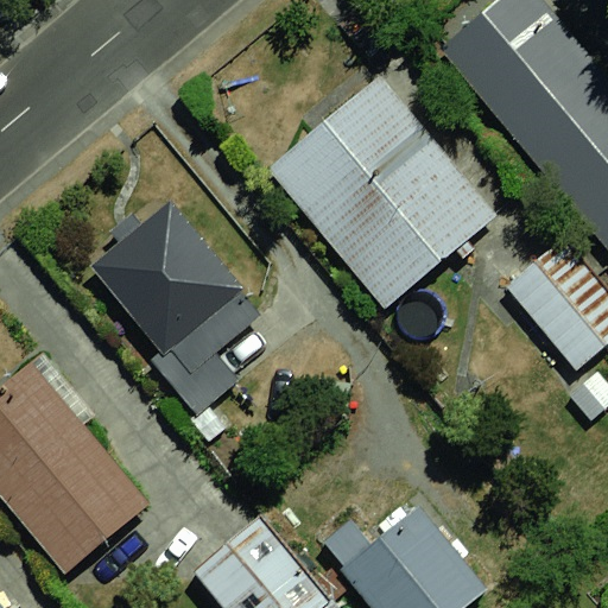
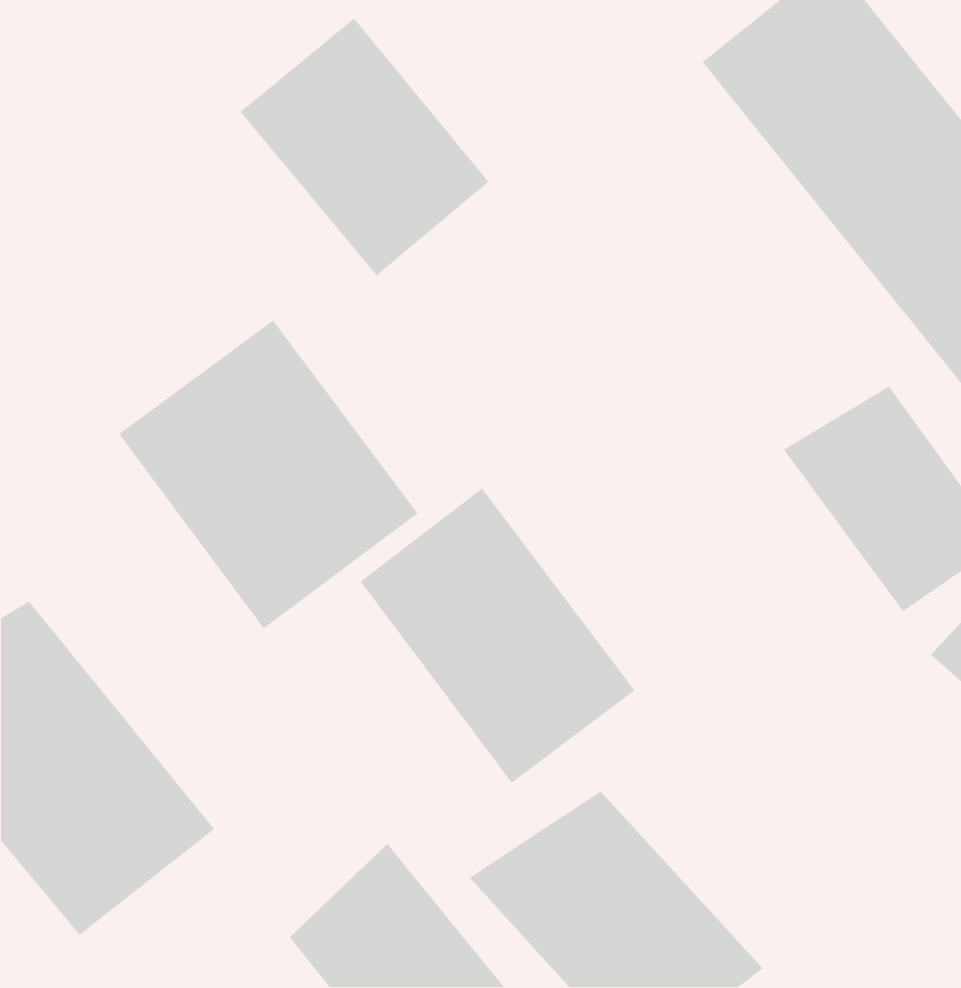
building: none -> [240,17,490,277]
building: [267,82,488,308] -> none
building: none -> [360,488,636,784]

